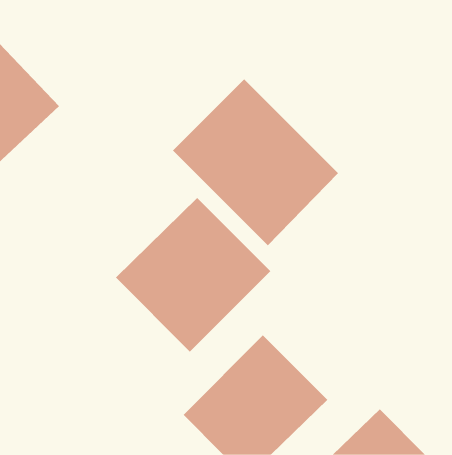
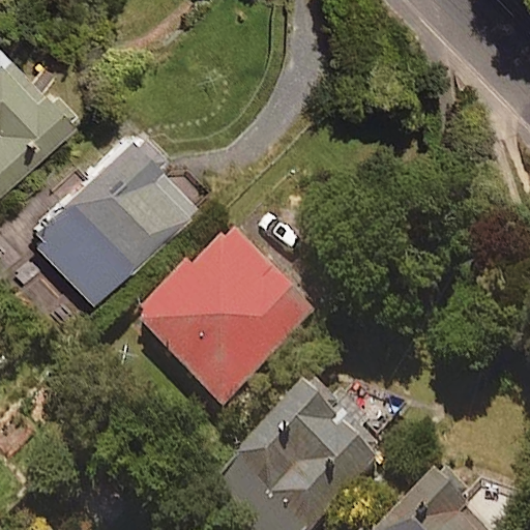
building: [172,78,339,246] -> none
building: none -> [26,127,202,303]

